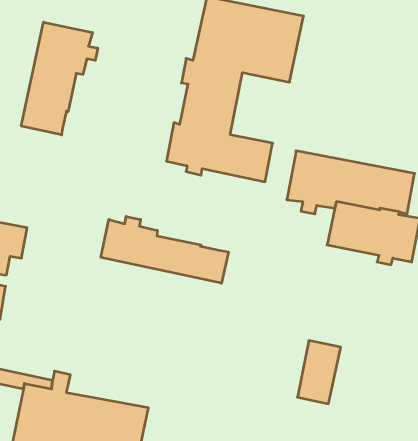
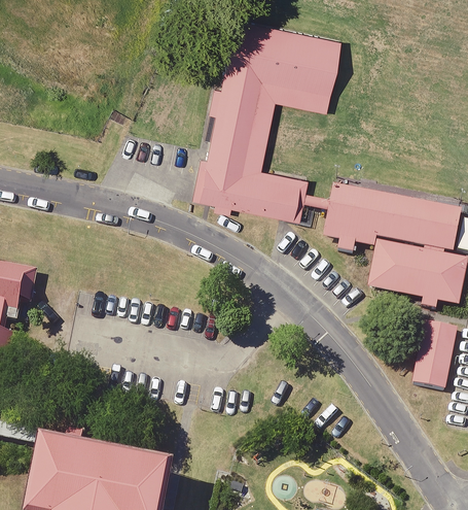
building: [21,22,98,135] -> none
building: [101,216,228,283] -> none
building: [297,341,341,404] -> [412,319,460,388]

